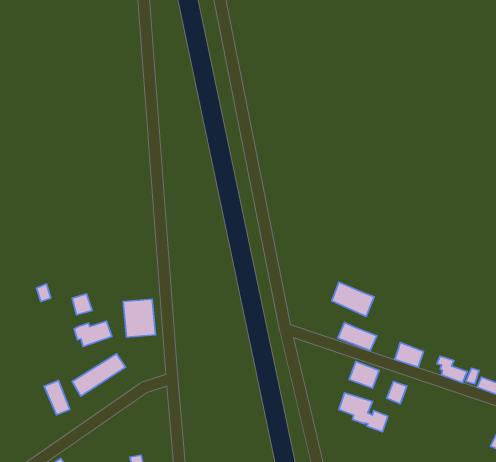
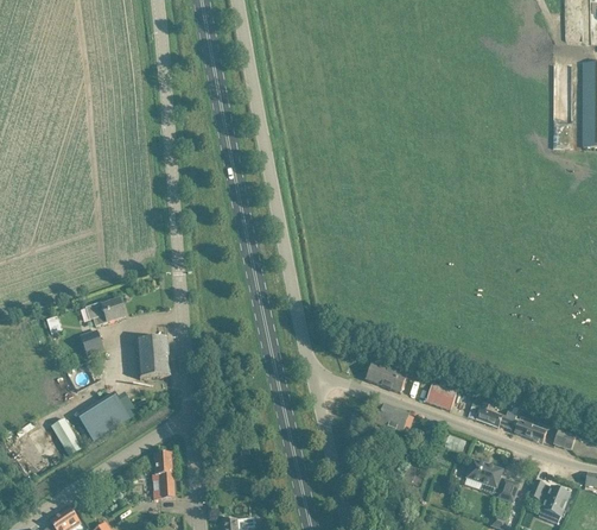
building: [332,282,374,317] -> none
building: [74,321,112,347] -> [85,297,126,324]
building: [339,393,388,432] -> [466,459,519,500]
building: none -> [152,452,174,497]

